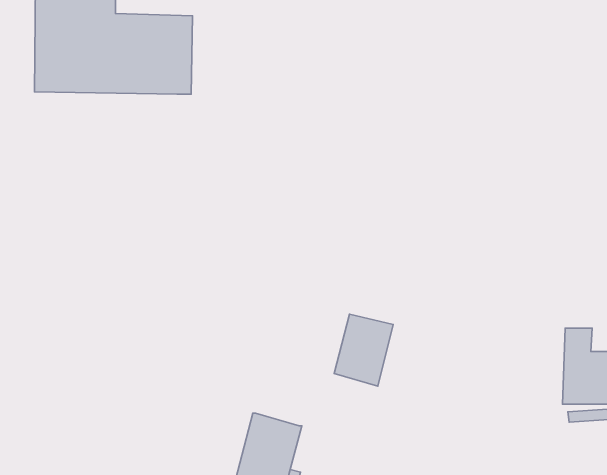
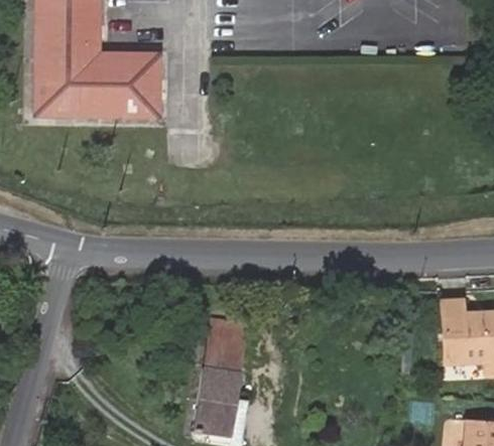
building: [334,314,393,386] -> [206,317,252,374]

